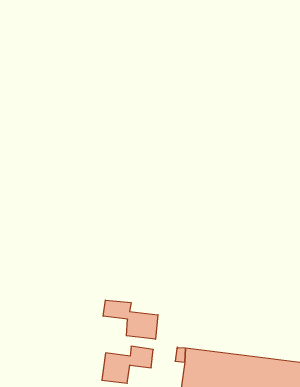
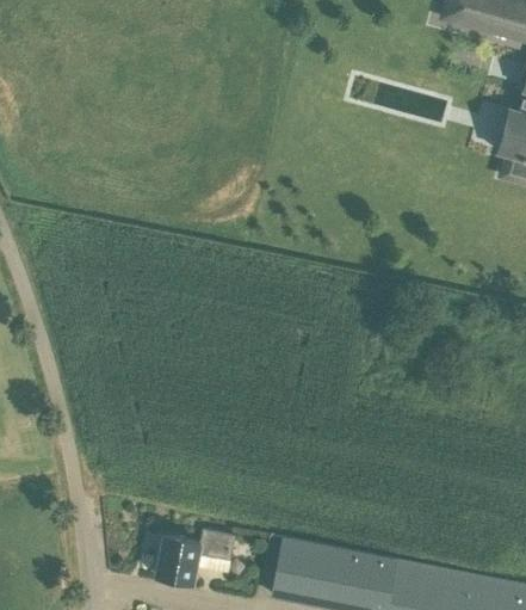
building: [103,300,158,339] -> none

